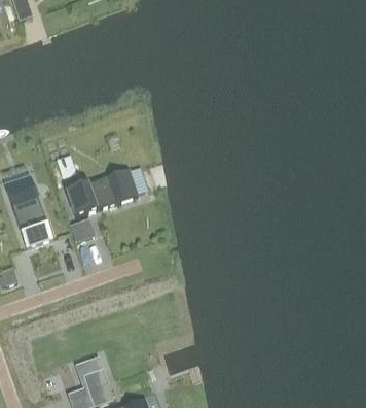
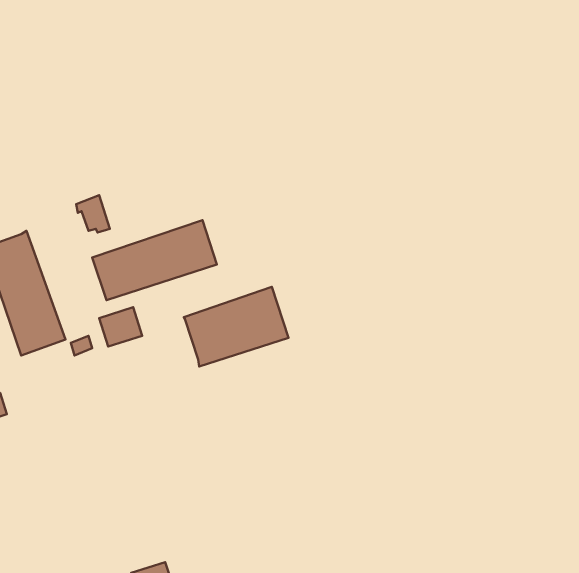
building: none -> [184,287,288,367]

